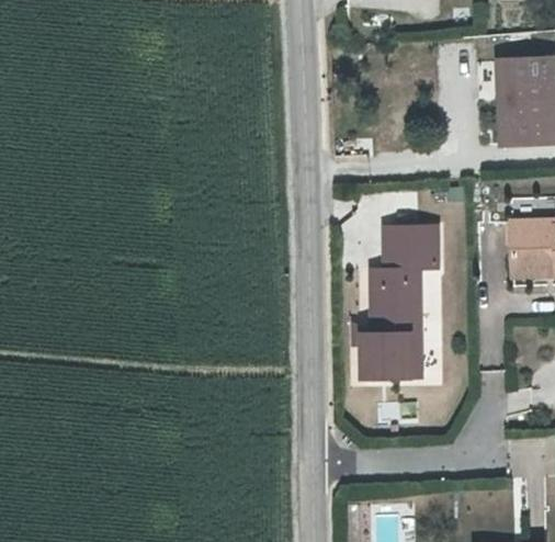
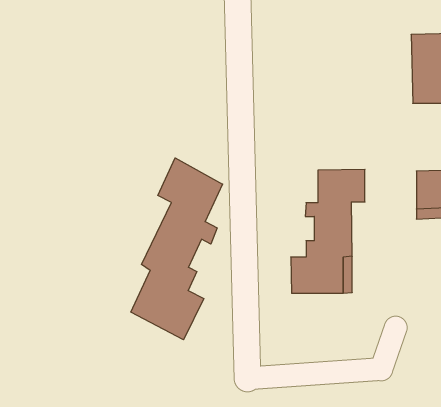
building: none -> [131,158,223,340]

